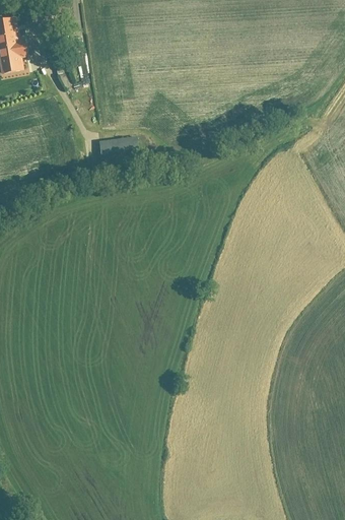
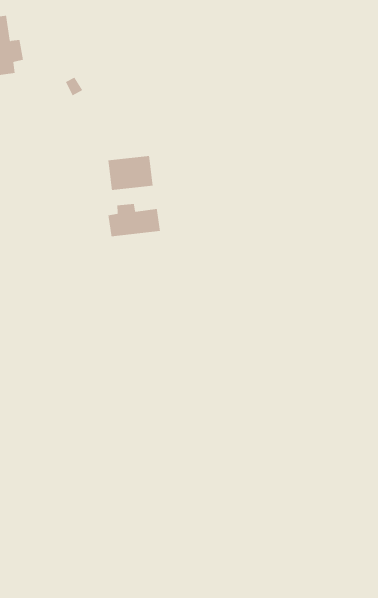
building: none -> [108,203,161,237]

